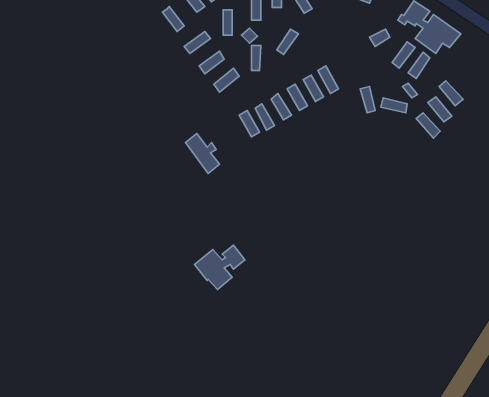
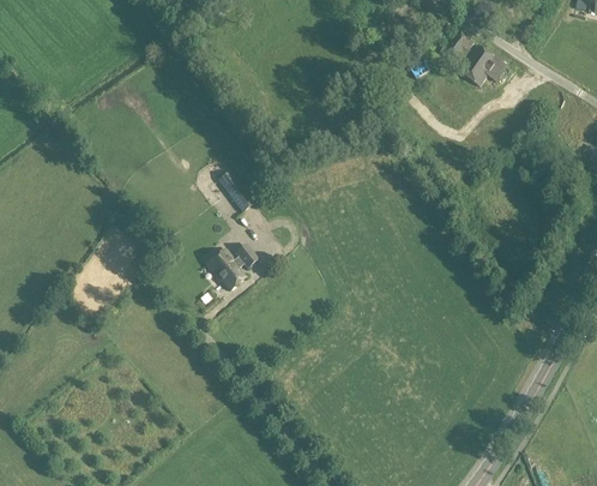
building: [195,245,245,290] -> [205,241,258,288]

